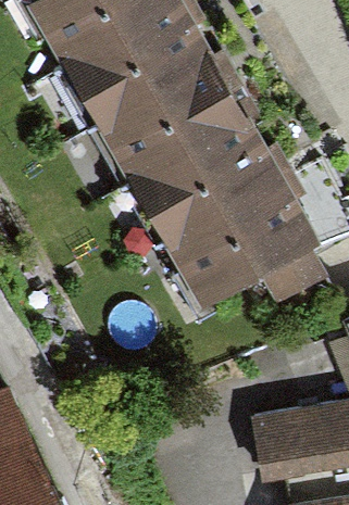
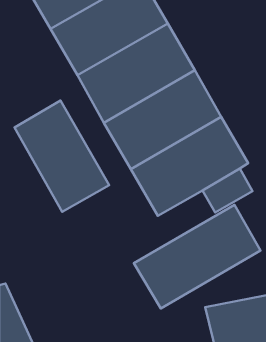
building: none -> [14,100,109,212]
building: none -> [134,205,260,309]

